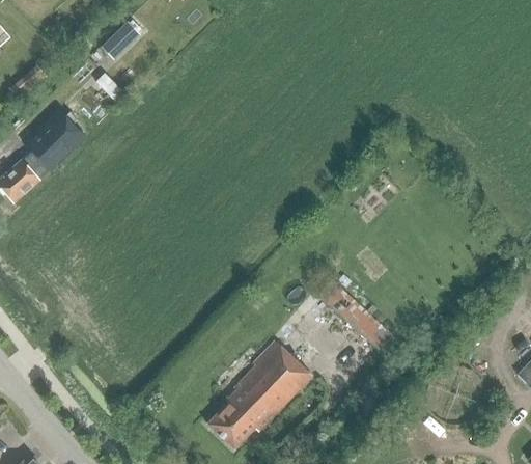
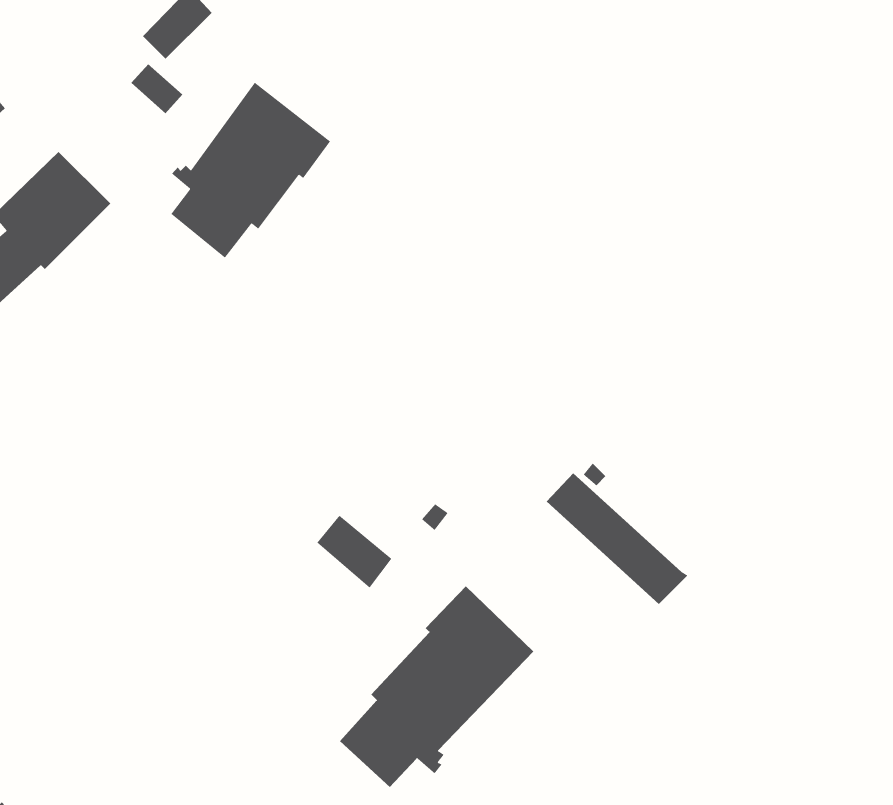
building: none -> [170,82,331,258]
building: none -> [316,515,392,588]

